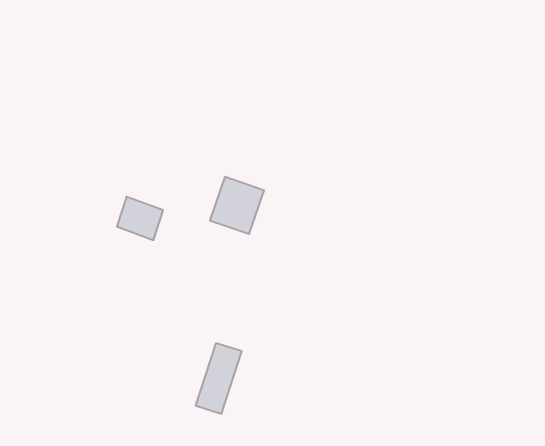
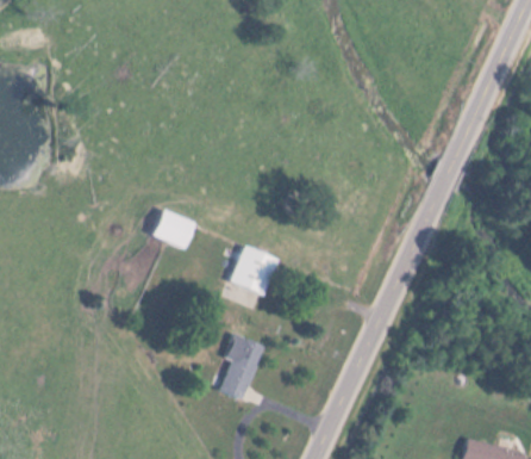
building: [210,177,264,234] -> [227,244,275,294]

